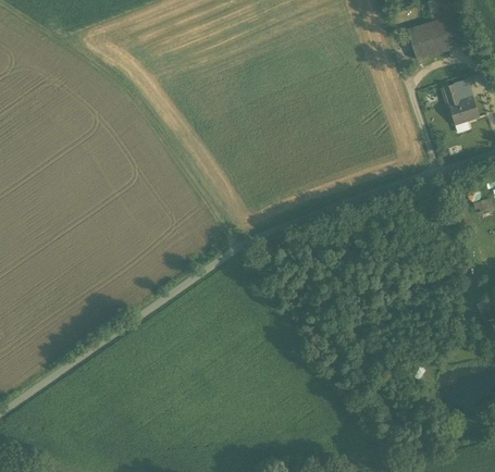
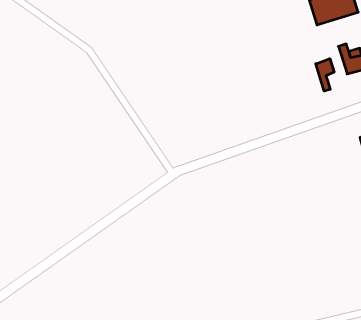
building: none -> [316,59,334,91]

